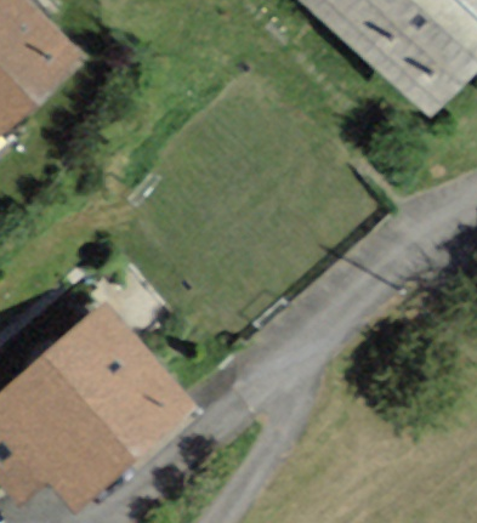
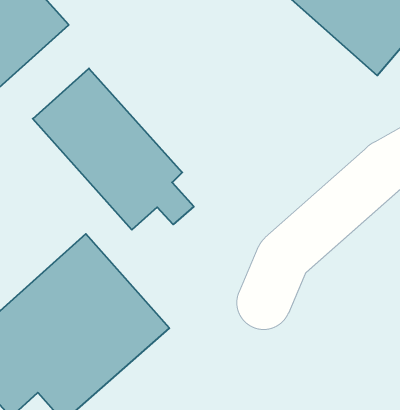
building: none -> [33,68,194,230]

